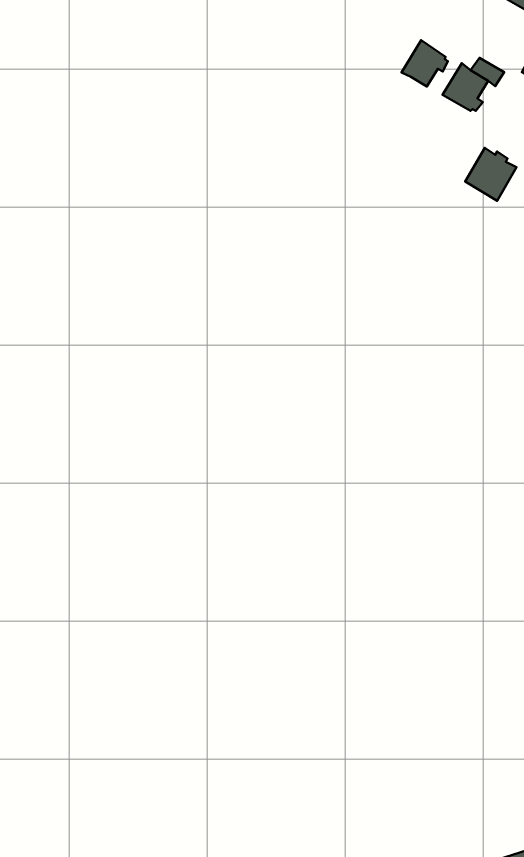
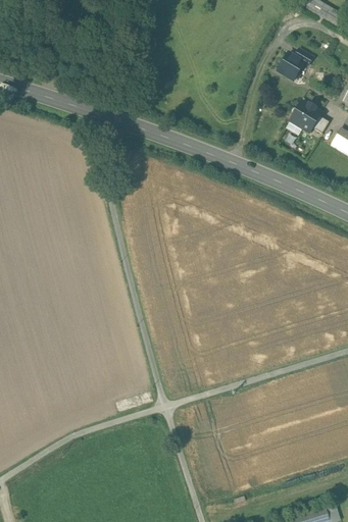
building: [401,40,448,87] -> none

